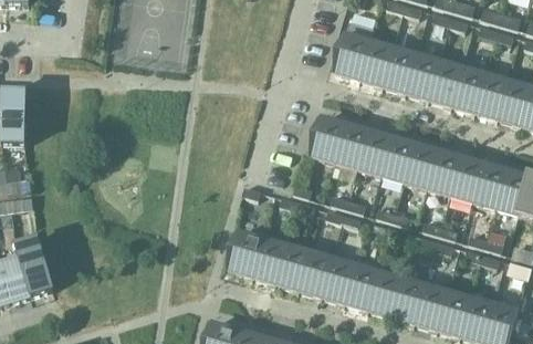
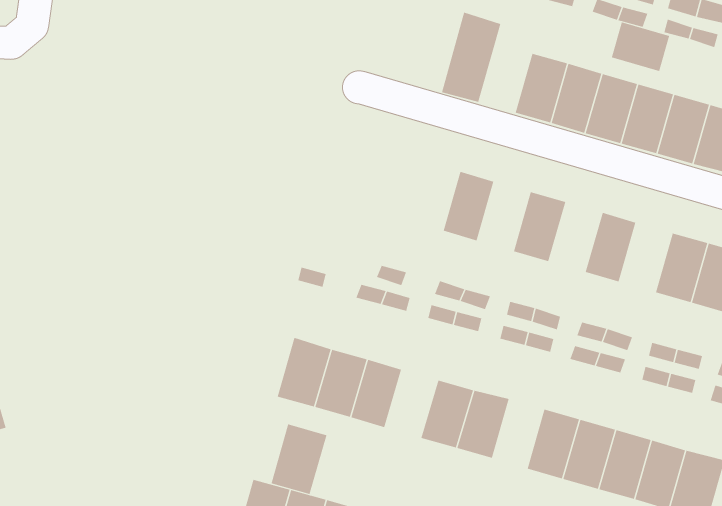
building: none -> [611,22,670,72]
building: [358,40,393,85] -> none
building: [311,116,346,161] -> none
building: [357,129,391,175] -> none
building: [404,143,438,188] -> none
building: [449,156,483,201] -> none
building: [297,251,332,295] -> none
building: [367,270,400,315] -> none
building: none -> [271,424,327,495]

